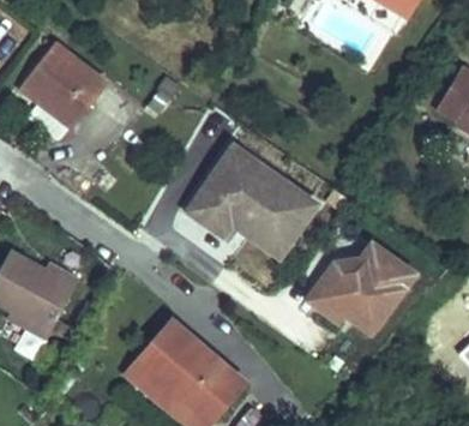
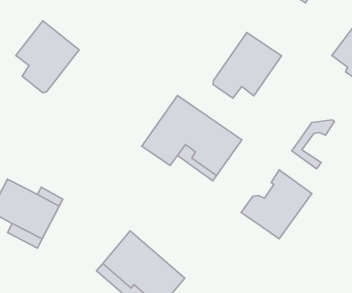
building: none -> [213,32,282,98]
building: [306,259,362,324] -> [292,120,335,169]

